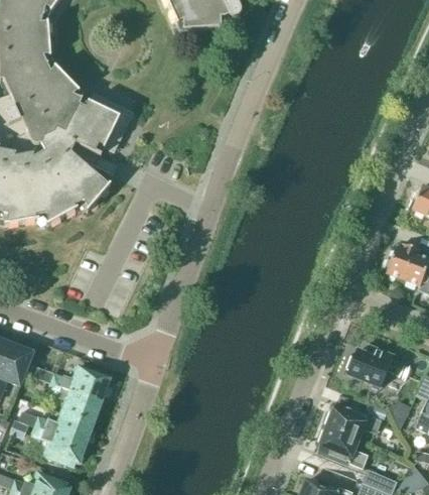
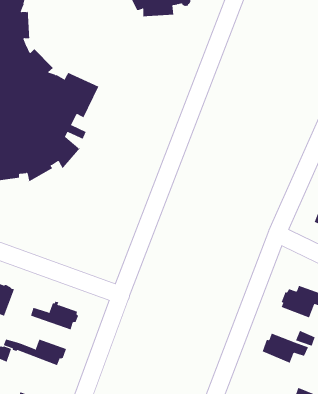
building: [46,383,99,422] -> none
building: [31,424,83,465] -> none
building: [317,425,366,467] -> none

